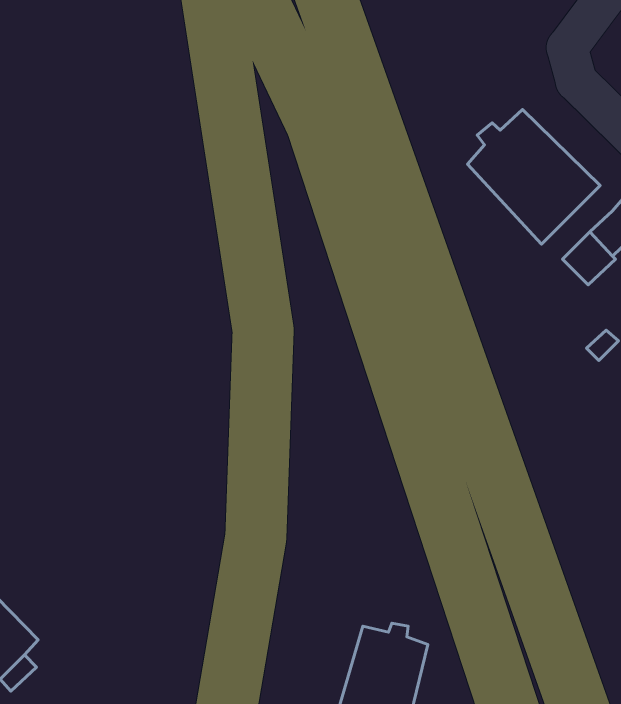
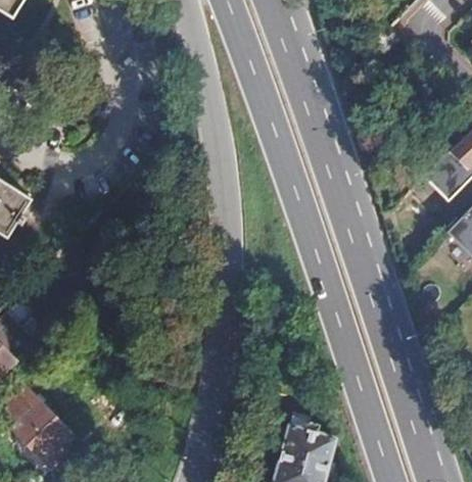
building: [468,110,600,244] -> none

